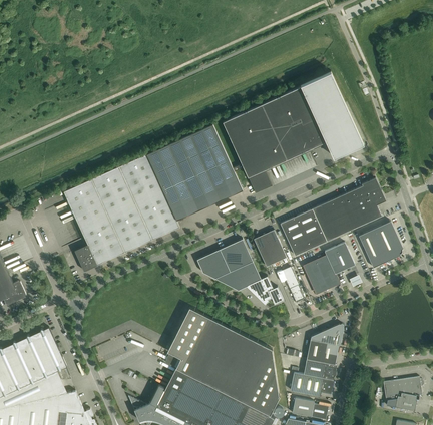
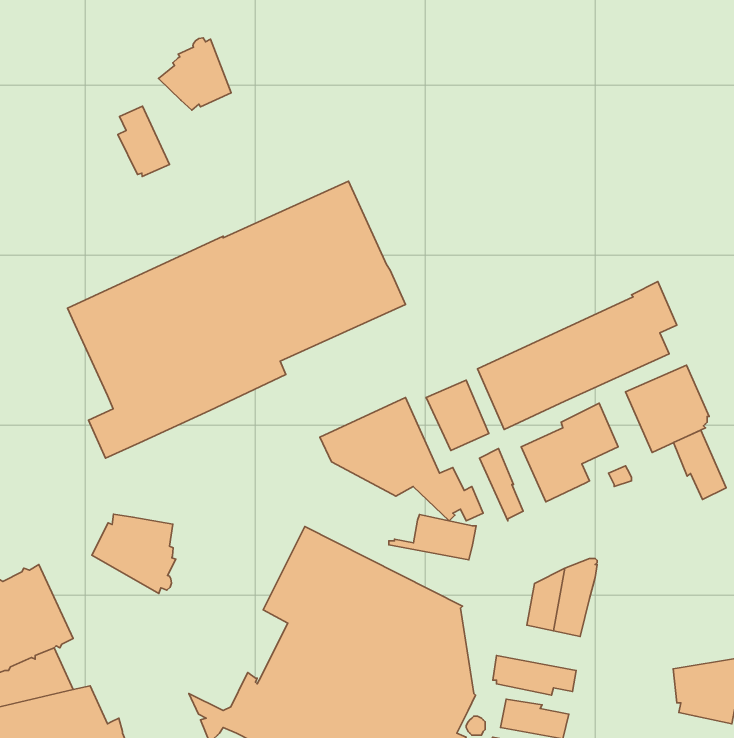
building: none -> [159,38,231,110]
building: [222,72,363,193] -> none
building: none -> [118,106,170,176]
building: none -> [673,430,726,500]
building: none -> [92,514,176,593]
building: [290,360,336,384] -> [389,514,476,560]

